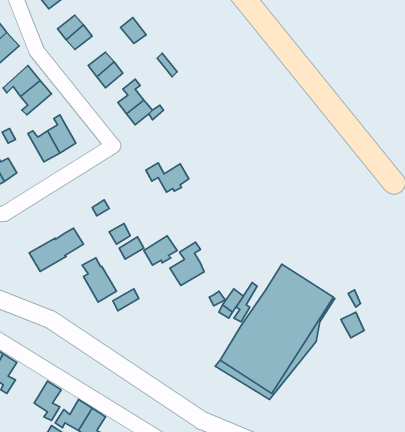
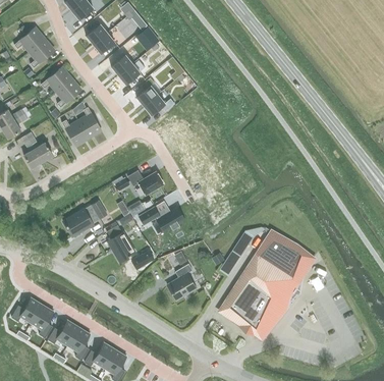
building: [146,163,189,192] -> [127,170,163,195]
building: [170,242,204,285] -> [166,264,195,300]
building: none -> [47,320,77,345]

